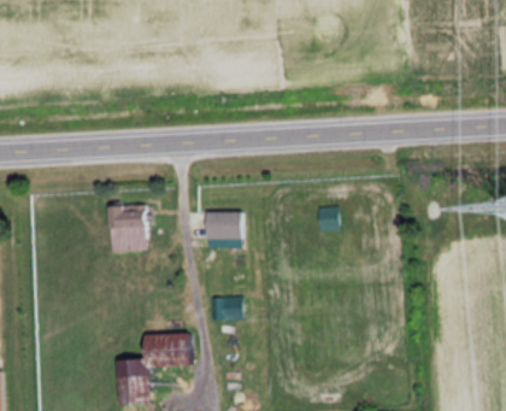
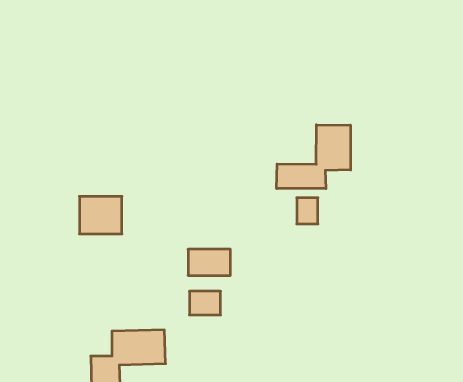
building: none -> [277,125,351,189]
building: [201,213,242,239] -> [188,249,230,275]

